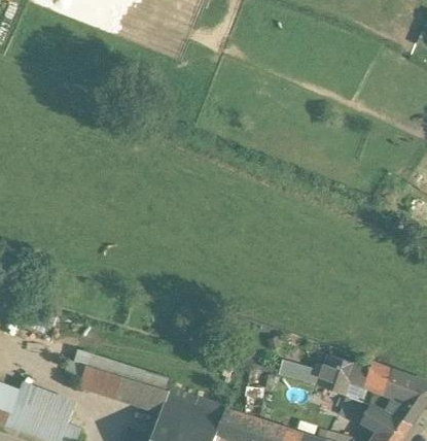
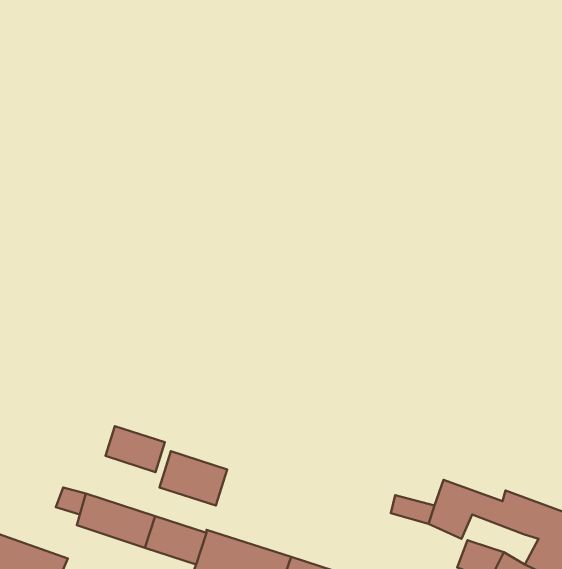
building: none -> [105,426,165,472]
building: none -> [160,451,227,506]

